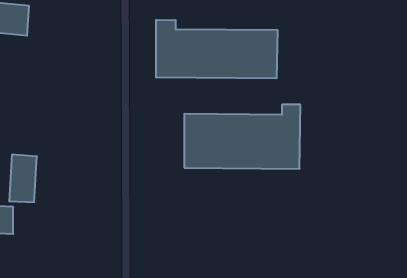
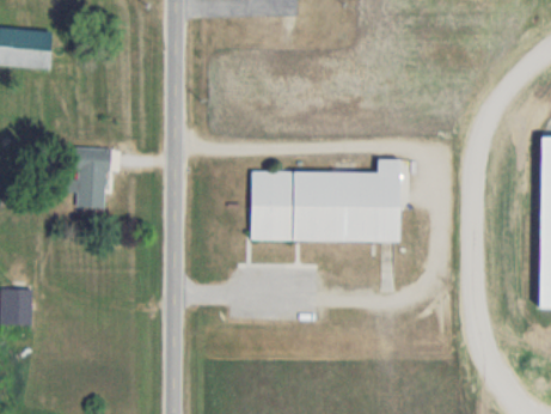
building: [156,20,277,78] -> none
building: [9,155,37,202] -> [74,147,110,208]

